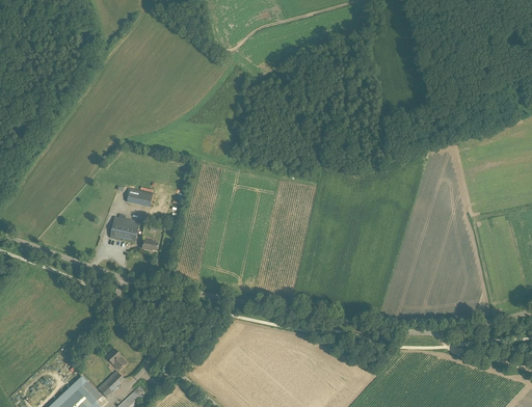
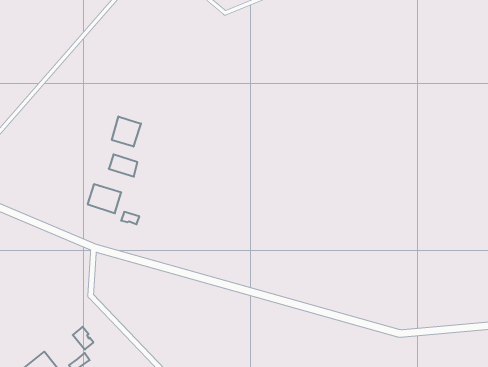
building: none -> [112,116,141,147]

